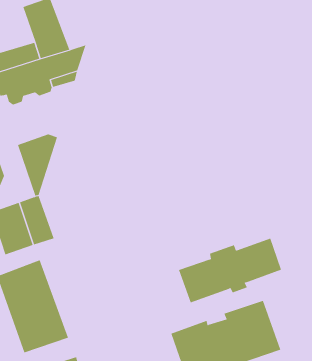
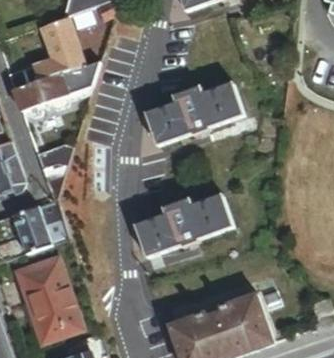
building: none -> [149,88,241,143]
building: [178,238,282,303] -> [136,193,230,252]

